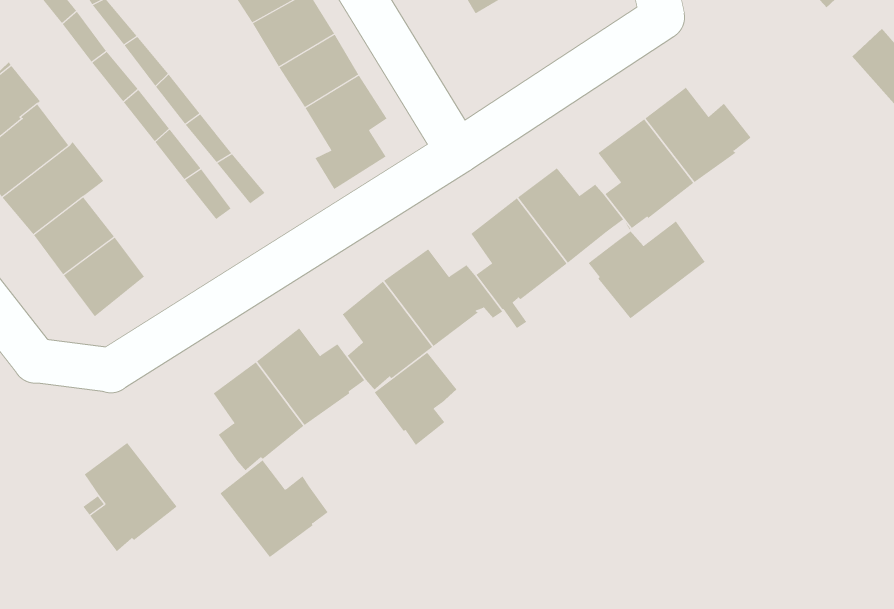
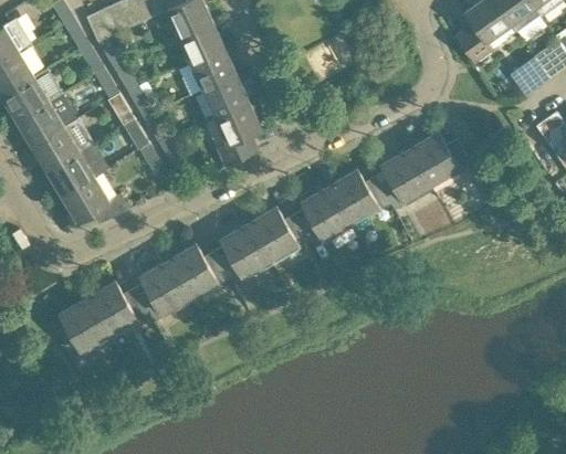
building: [588,221,705,319] -> none
building: [374,352,457,446] -> none
building: [220,460,328,558] -> [86,281,148,338]

